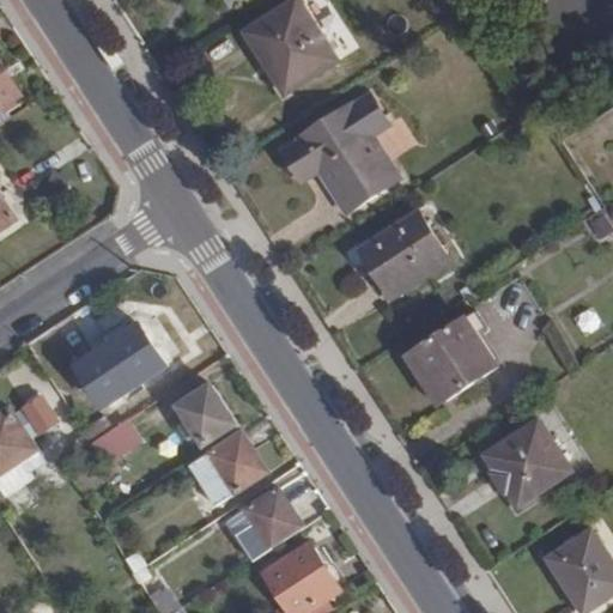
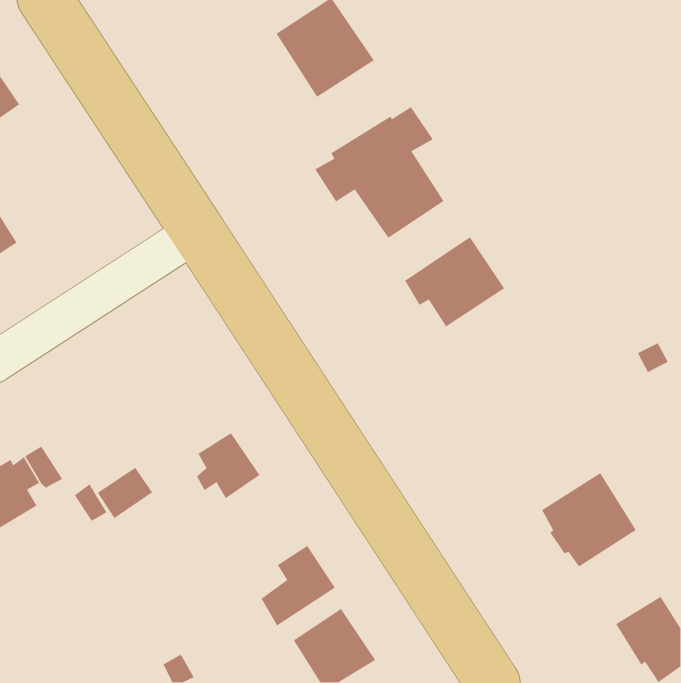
building: [412,312,492,400] -> none
building: [77,328,163,407] -> none
building: [184,431,265,508] -> none

